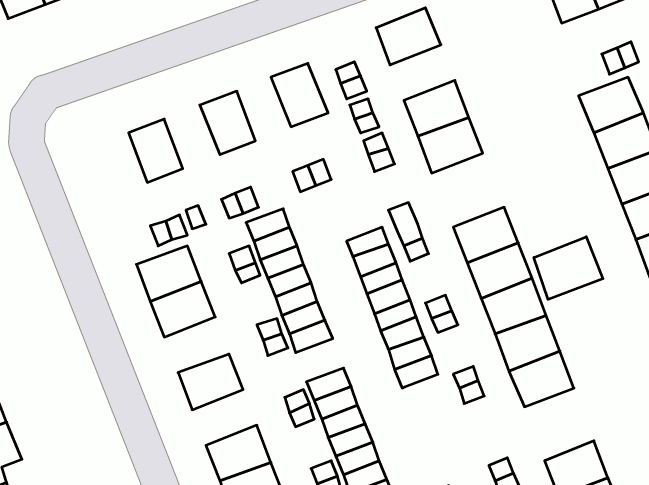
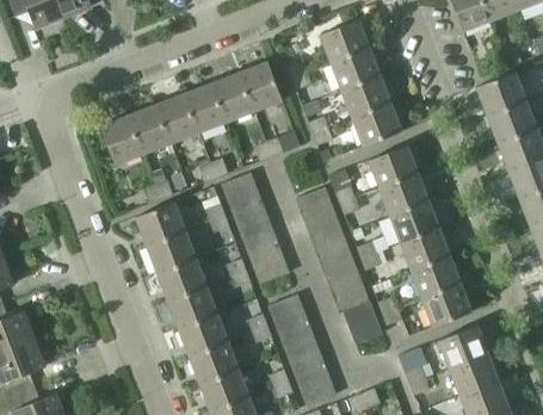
building: none -> [331,48,381,91]
building: none -> [212,73,254,122]
building: none -> [156,94,199,143]
building: none -> [100,116,143,165]
building: none -> [369,145,419,188]
building: [534,237,603,299] -> none
building: none -> [156,258,206,301]
building: none -> [343,301,382,343]
building: none -> [178,314,228,357]
building: none -> [439,326,488,368]

